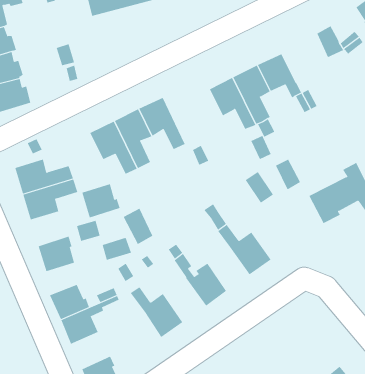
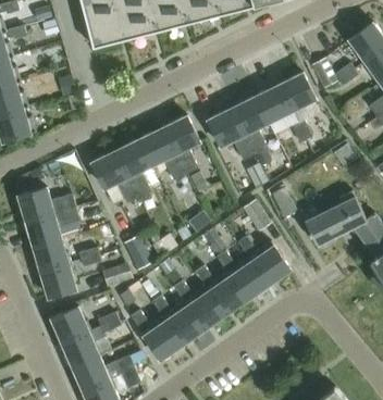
building: none -> [277,73,313,111]
building: none -> [162,115,198,173]
building: [81,184,121,218] -> [33,238,71,272]
building: none -> [236,235,288,285]
building: none -> [194,265,246,315]
building: none -> [151,296,203,346]
building: none -> [72,354,140,391]

